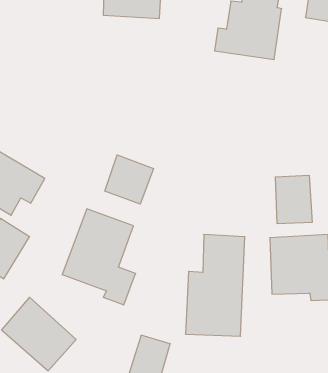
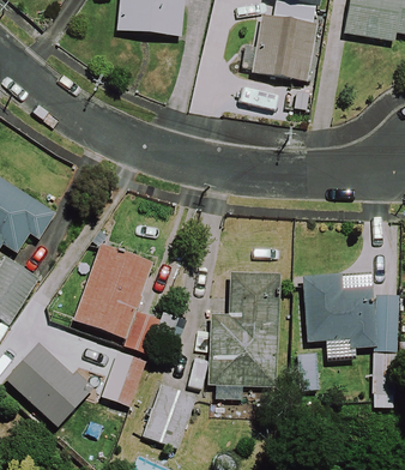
building: [105,155,154,204] -> none
building: [275,175,312,224] -> none
building: none -> [102,349,146,415]

